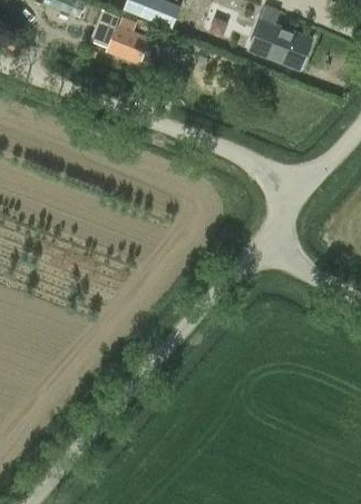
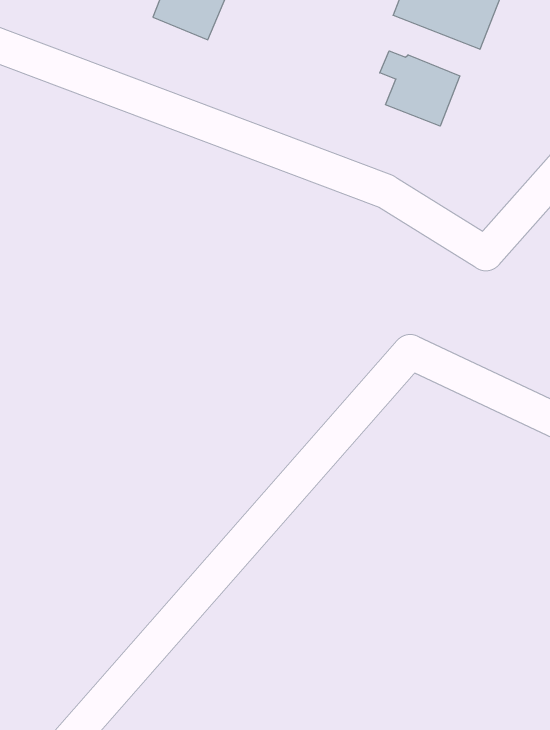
building: none -> [380,51,460,126]

